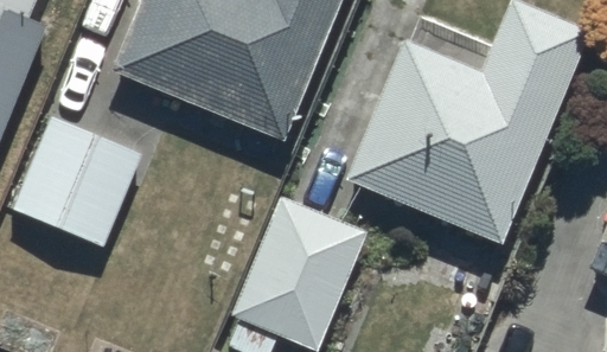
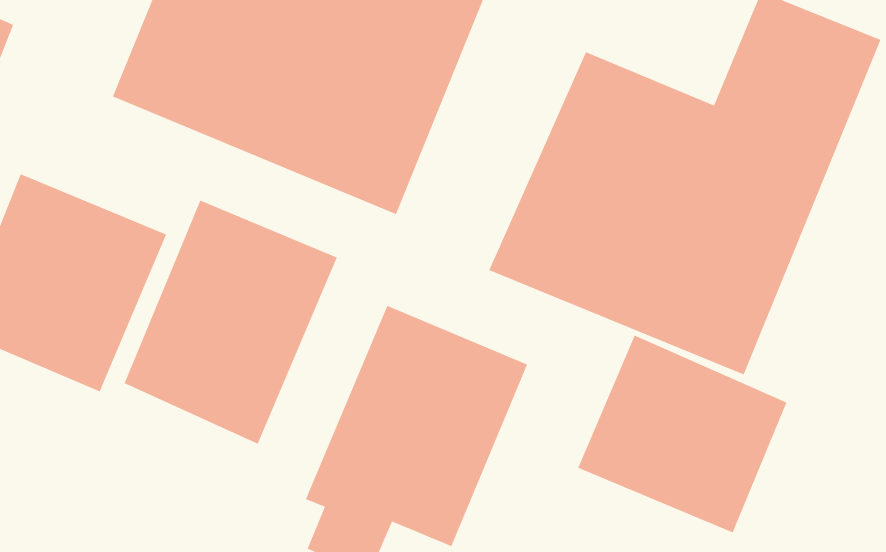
building: none -> [123,199,338,445]
building: none -> [577,334,787,533]

